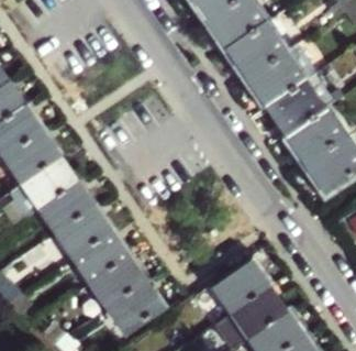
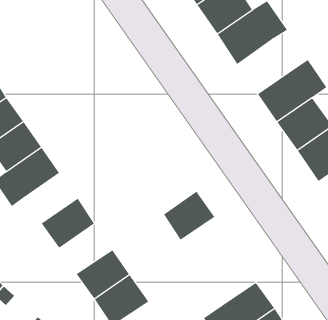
building: [247,43,316,106] -> none
building: [40,183,92,232] -> none
building: [74,232,126,282] -> none
building: [215,264,266,312] -> [163,191,215,240]

